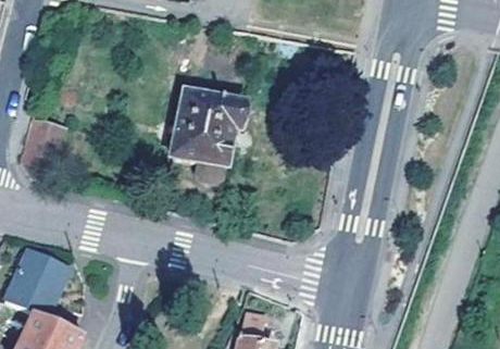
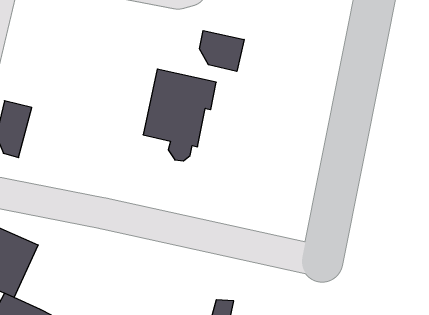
building: none -> [199,31,244,71]

